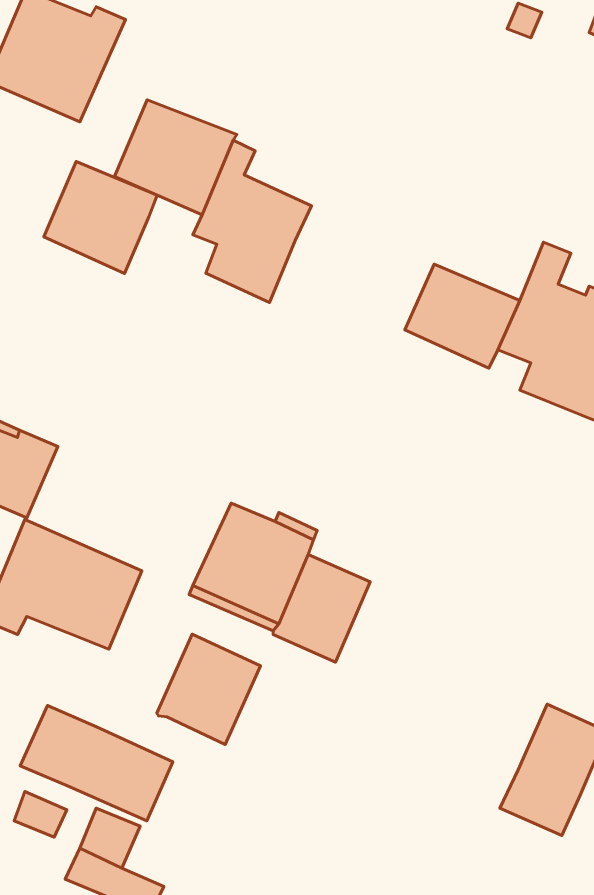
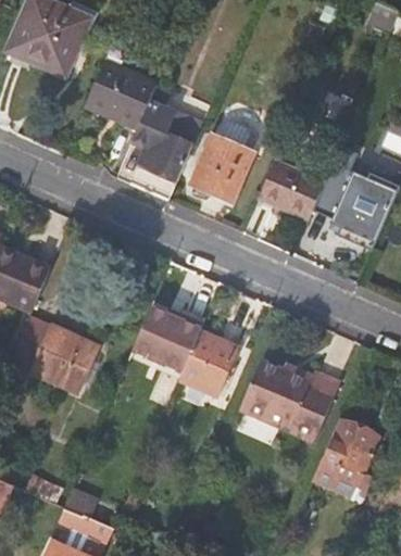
building: [44,161,157,273] -> none
building: none -> [191,118,256,199]
building: none -> [237,368,337,451]
building: [157,634,260,745] -> none
building: [20,706,173,821] -> none

